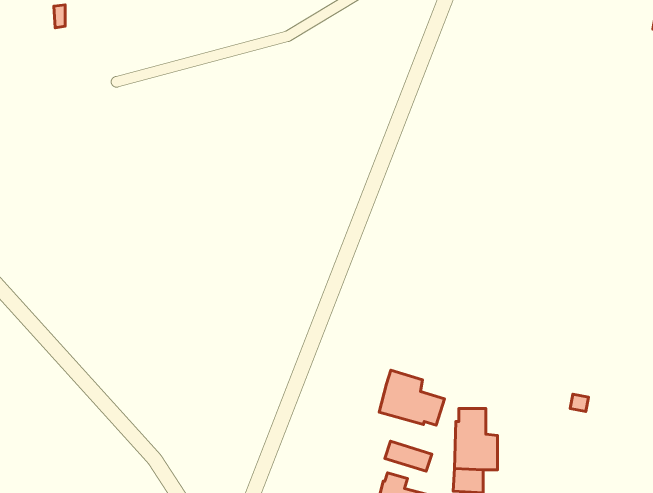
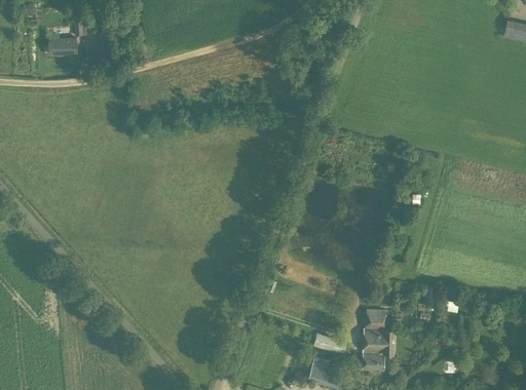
building: none -> [49,39,76,55]
building: [379,370,444,425] -> none

